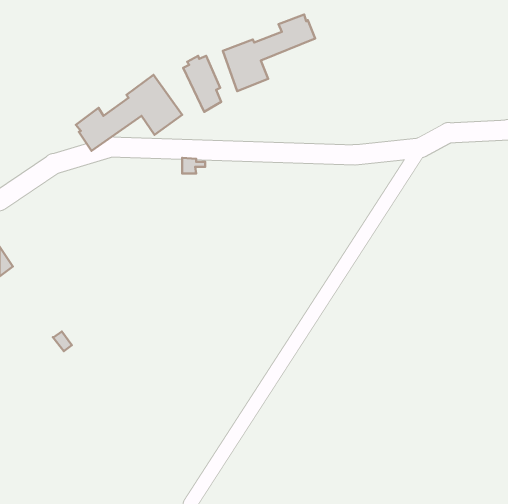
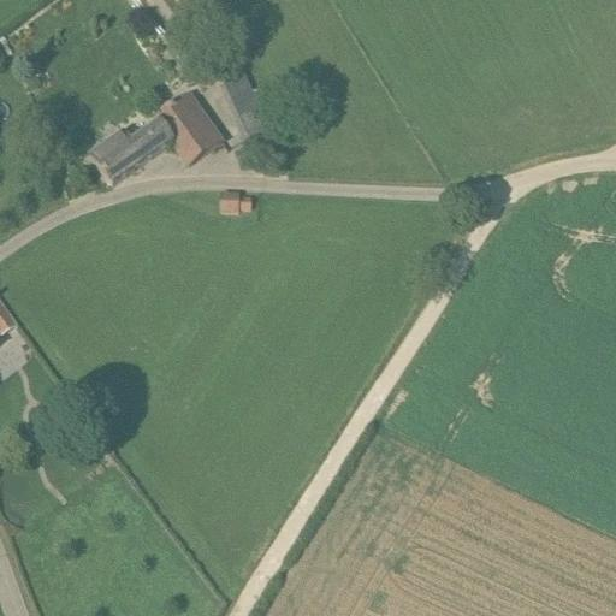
building: [223,15,315,91] -> none

